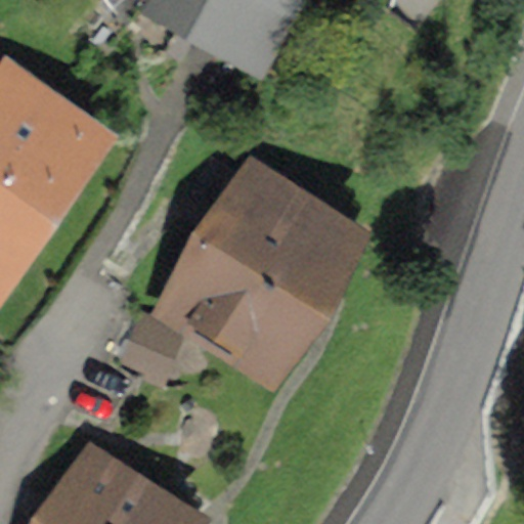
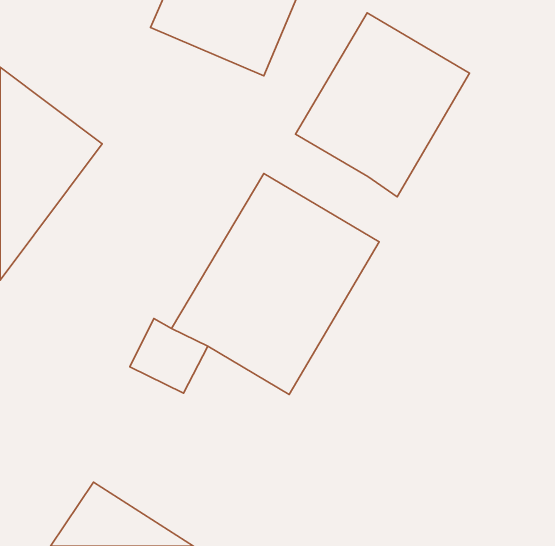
building: none -> [295,13,470,197]

